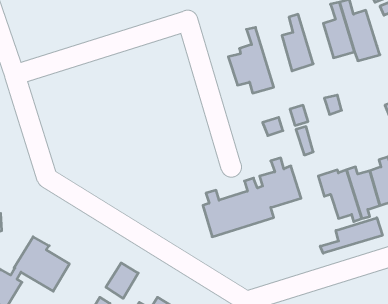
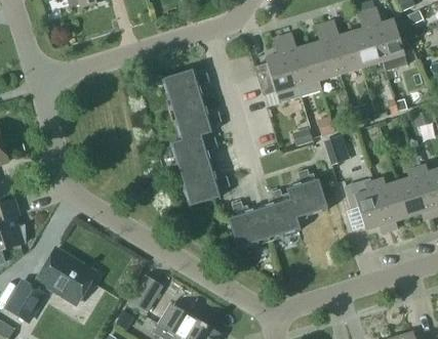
building: none -> [325,19,361,73]
building: none -> [282,33,322,96]
building: none -> [162,68,230,205]
building: [320,218,382,253] -> none

